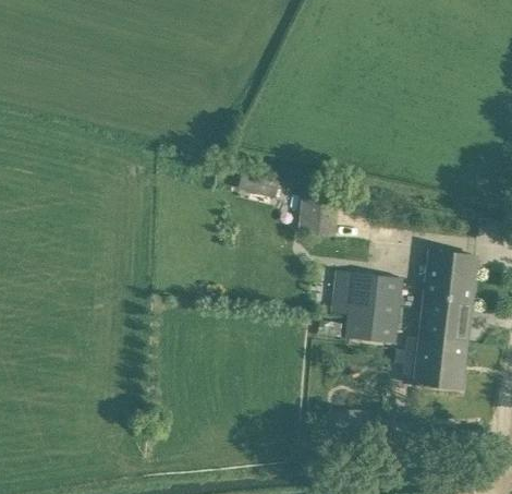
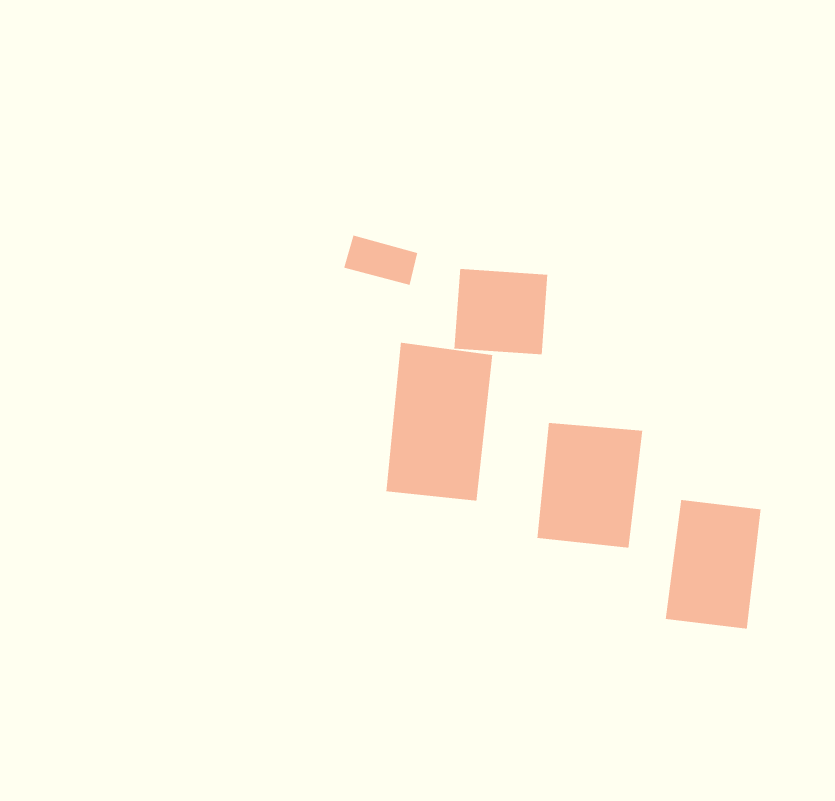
building: none -> [385,342,493,502]
building: [423,251,475,322] -> none

